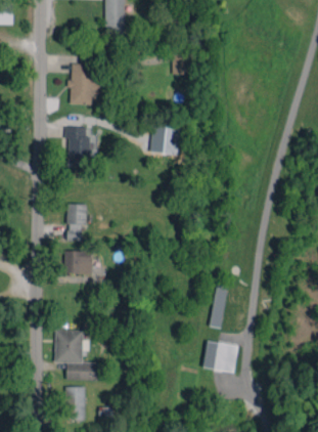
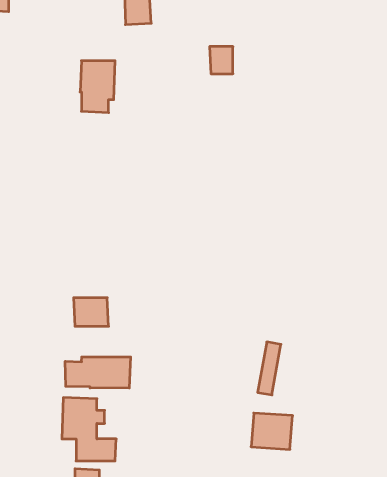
building: [150,126,179,154] -> none
building: [64,127,90,167] -> none
building: [67,204,85,241] -> none
building: none -> [65,357,131,388]

